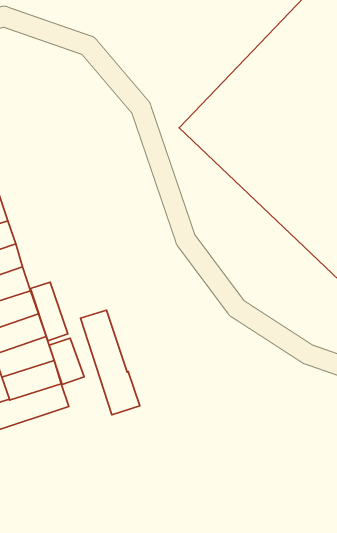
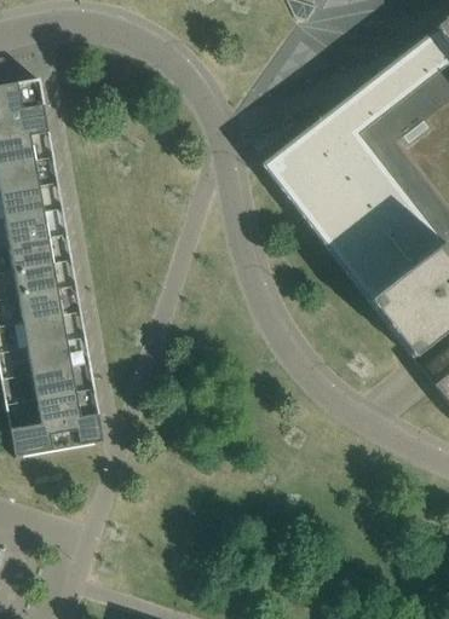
building: [31,282,68,341] -> none
building: [81,310,140,415] -> none
building: [49,338,84,384] -> none

